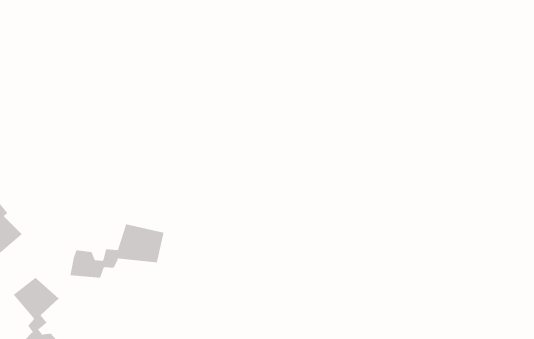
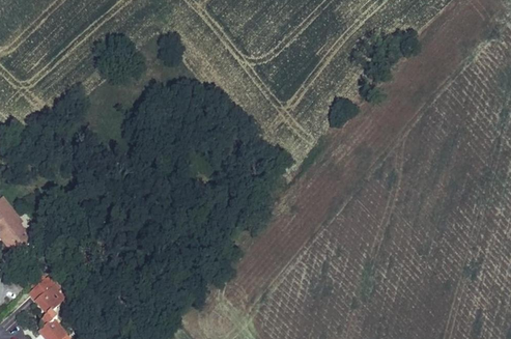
building: [70,224,164,278] -> none

